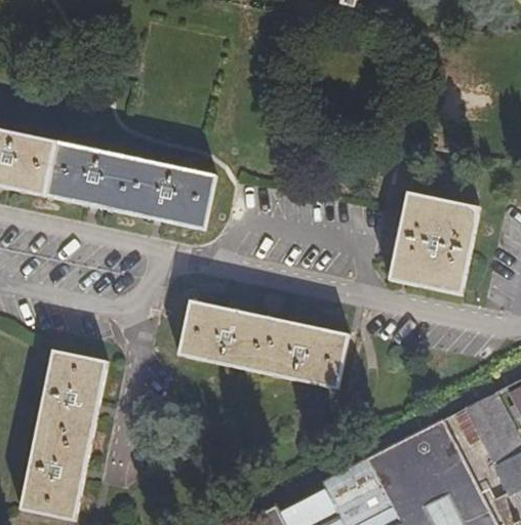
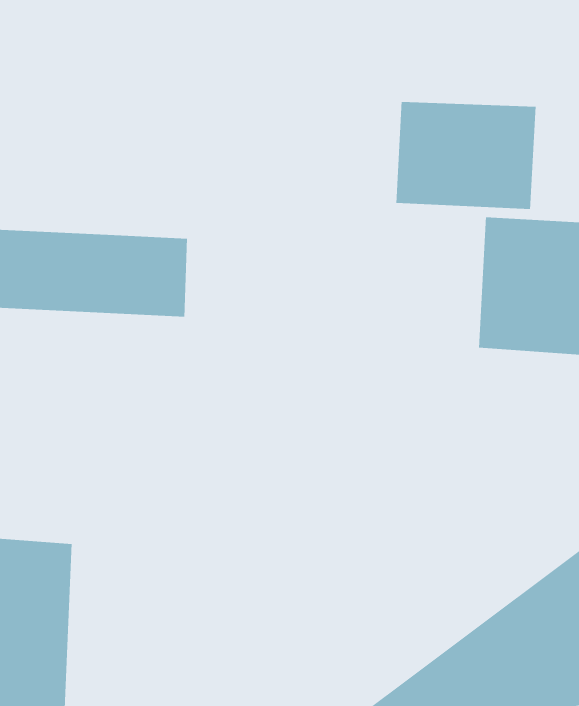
building: none -> [395,101,537,210]
building: [177,302,348,389] -> none

